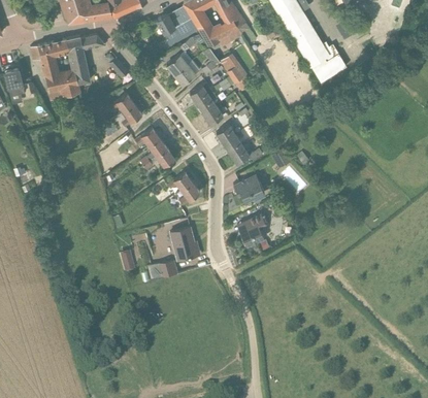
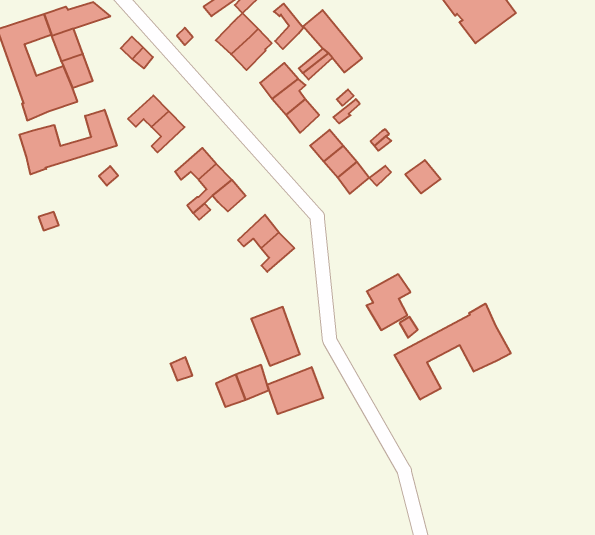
building: none -> [19,110,117,174]
building: [233,175,264,203] -> none
building: none -> [394,304,511,400]
building: none -> [267,367,323,414]

